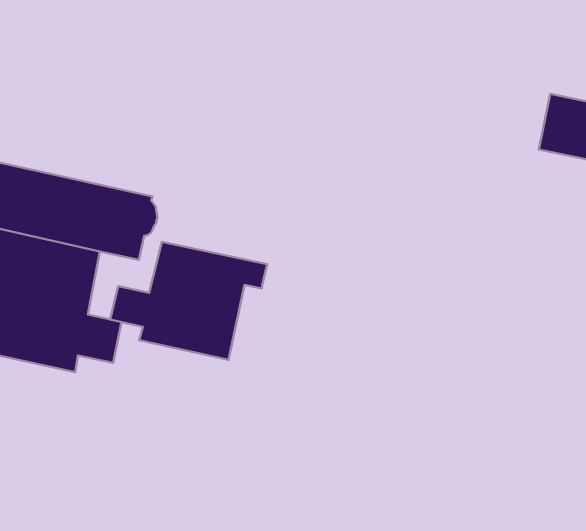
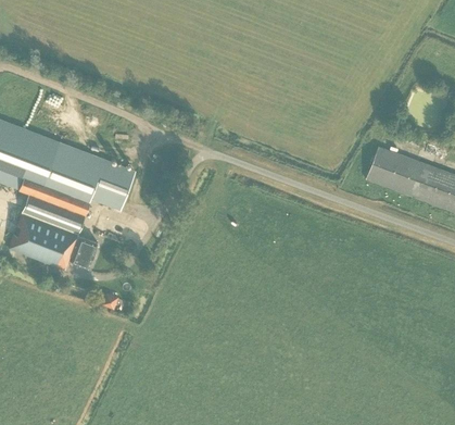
building: [110,242,267,360] -> none

